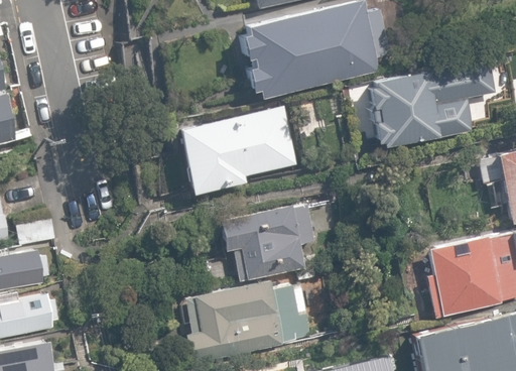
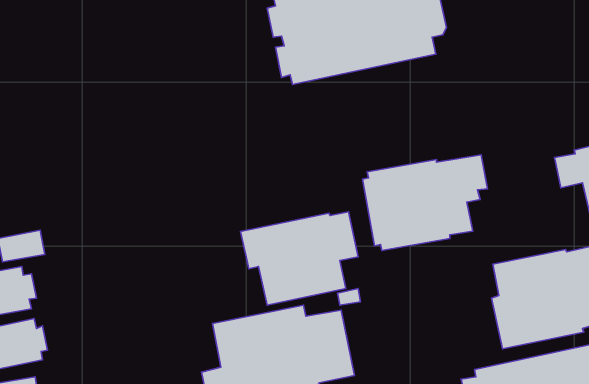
building: [367,69,471,148] -> [362,155,487,251]
building: [178,106,297,194] -> none

